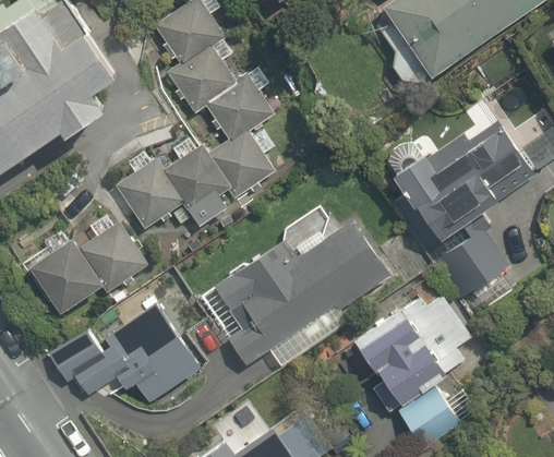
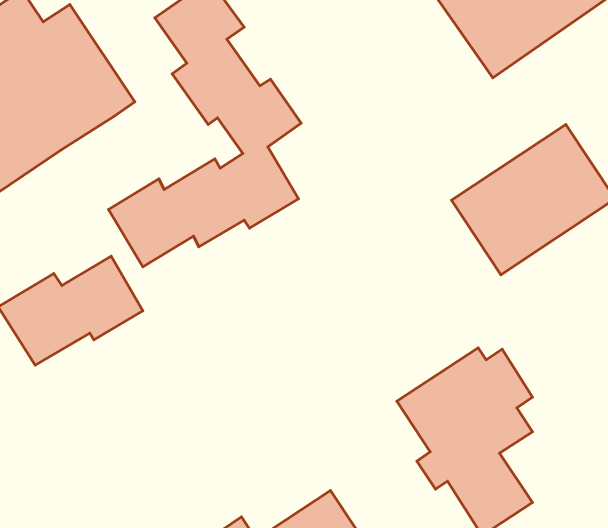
building: [215,223,388,366] -> none
building: [432,229,509,301] -> none
building: [48,301,204,402] -> none

